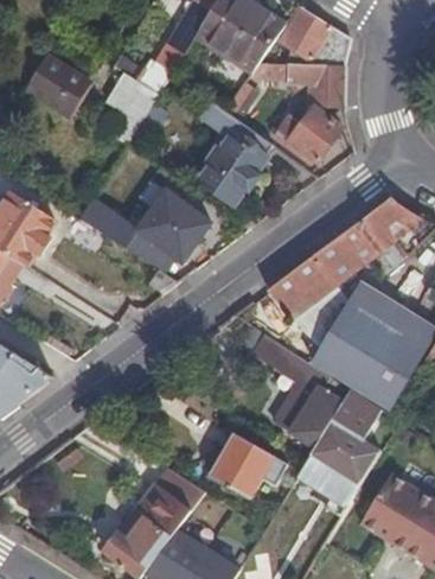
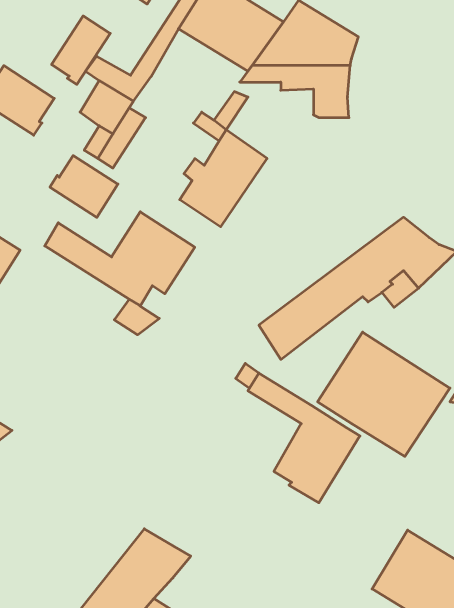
building: none -> [52,16,110,84]
building: [276,107,341,160] -> none
building: none -> [50,156,118,217]
building: [299,386,384,503] -> none
building: [210,431,287,494] -> none

